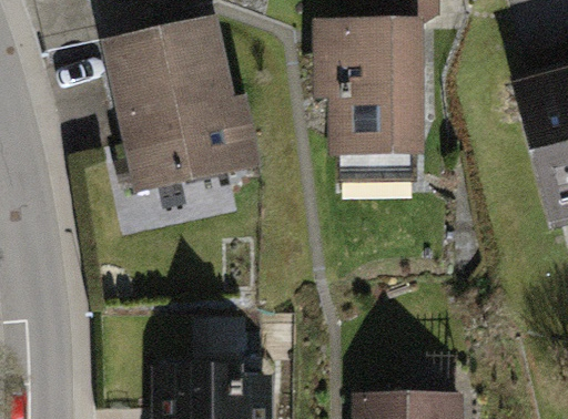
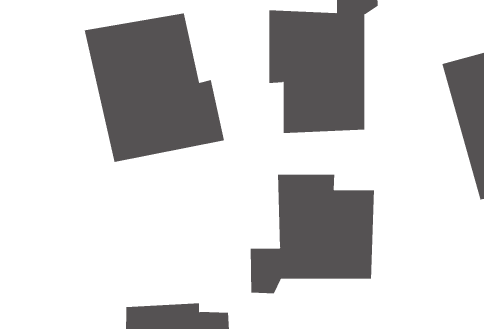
building: none -> [250,174,374,294]

